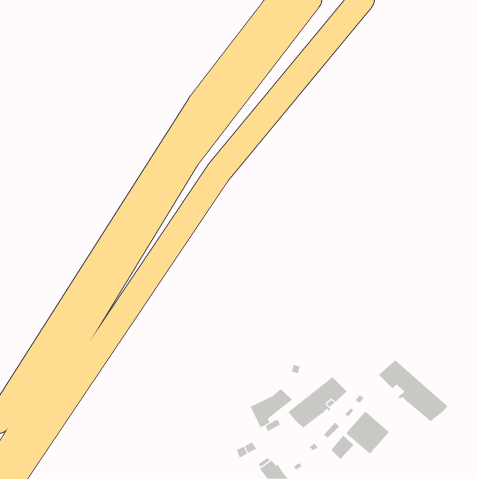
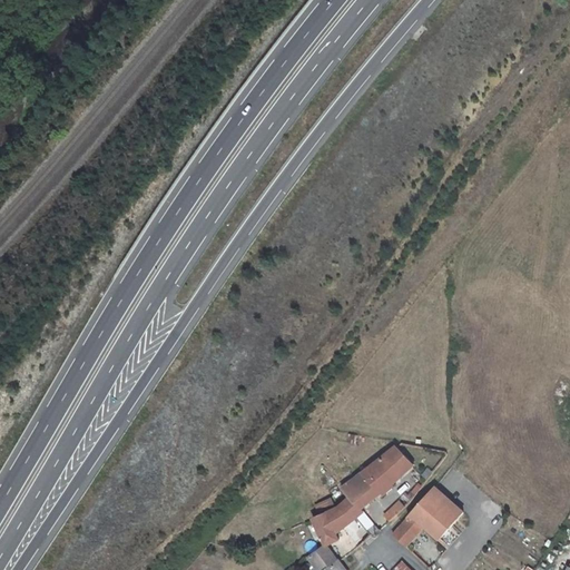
building: [378,360,449,422] -> none
building: [250,389,293,428] -> [312,498,363,544]

